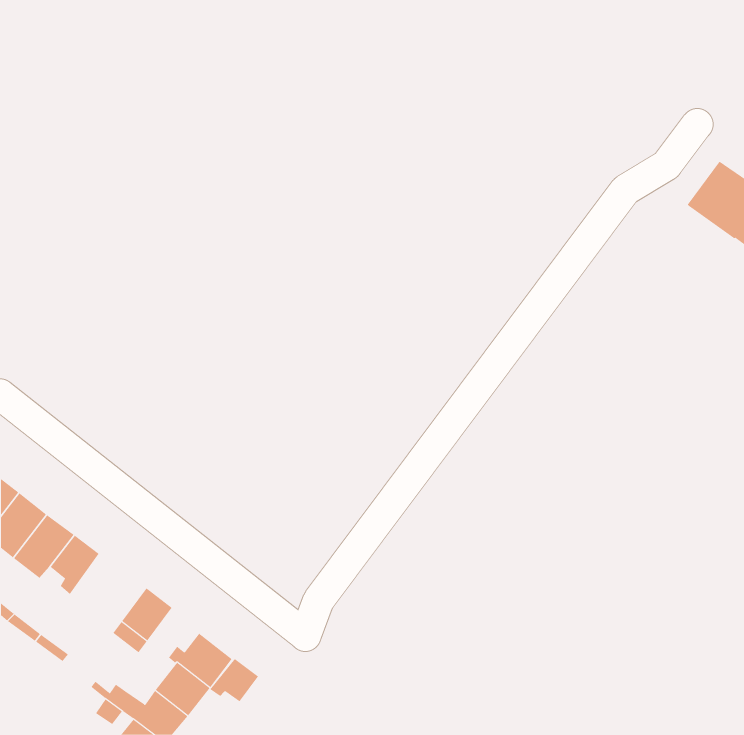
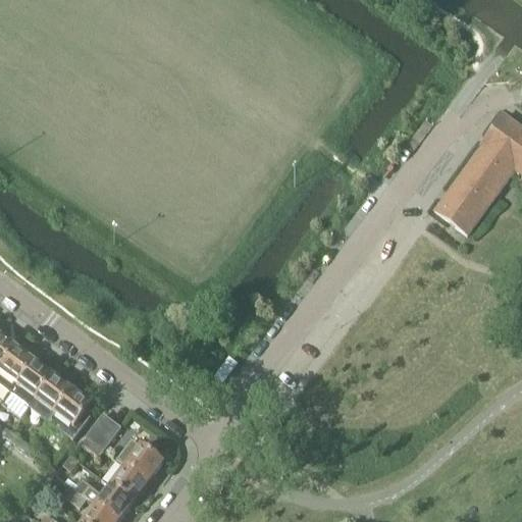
building: none -> [435,144,515,231]
building: none -> [49,386,92,436]
building: [210,658,259,702] -> none

